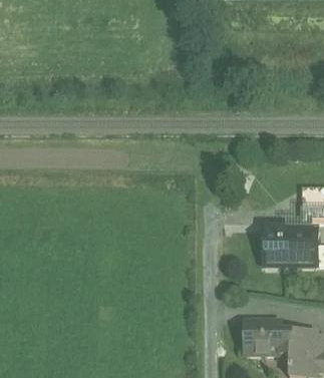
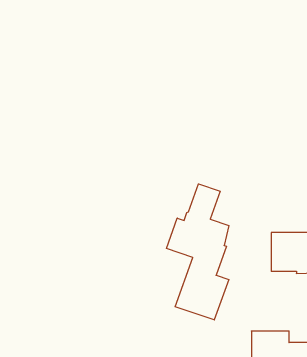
building: none -> [166,184,229,320]

